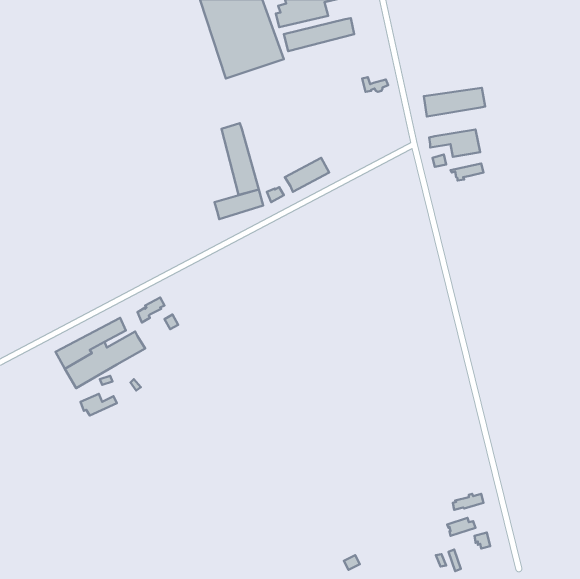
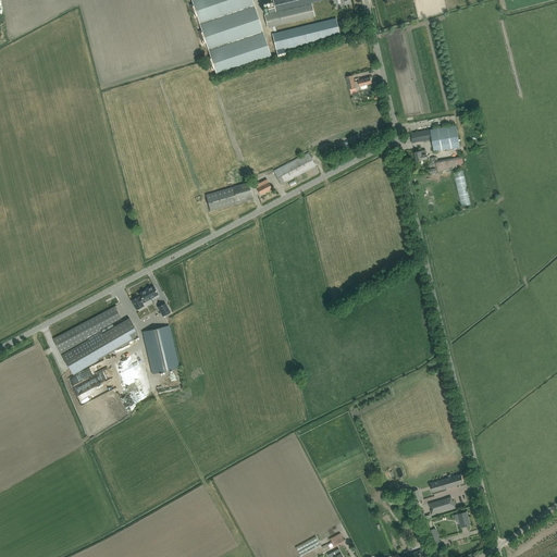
building: [424,88,485,116] -> none
building: [221,123,259,195] -> none
building: none -> [143,324,178,373]

